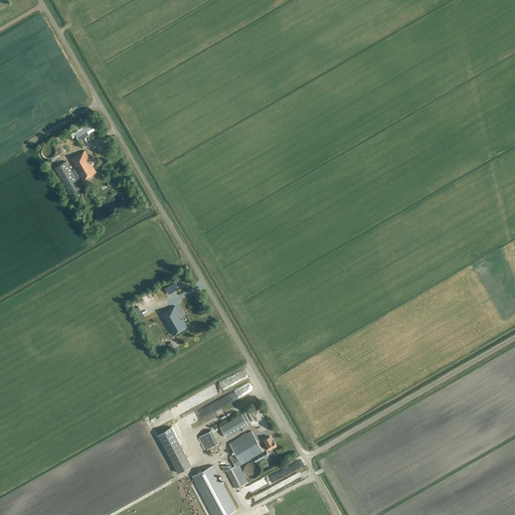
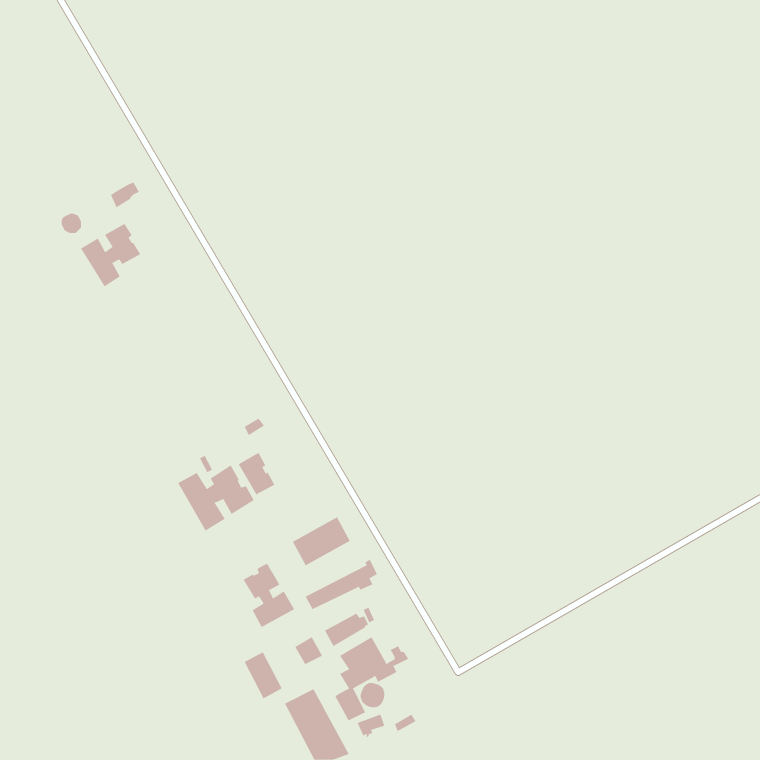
building: none -> [178,464,255,531]
building: none -> [292,517,350,566]
building: none -> [243,563,295,628]

